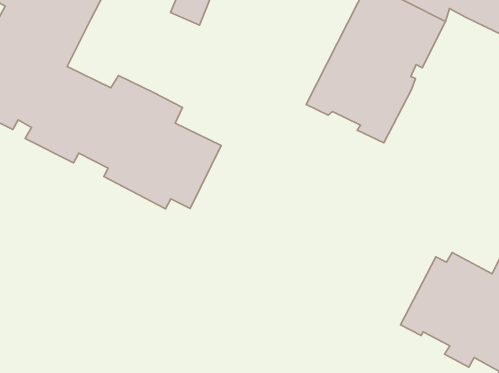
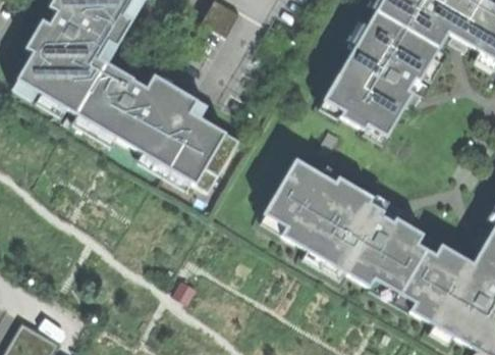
building: none -> [261,159,423,300]

